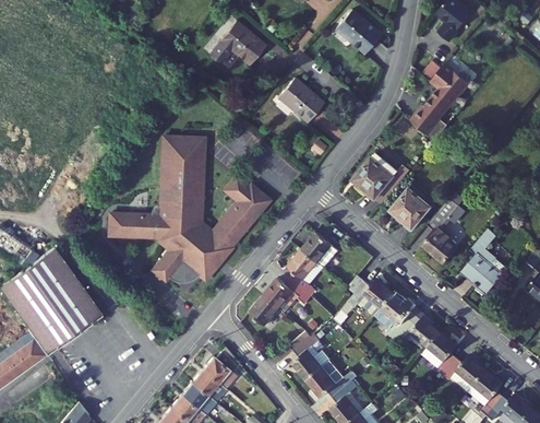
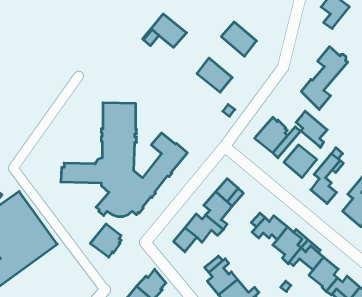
building: [336,12,381,56] -> [221,22,257,56]
building: none -> [296,111,327,148]
building: none -> [90,224,121,257]

